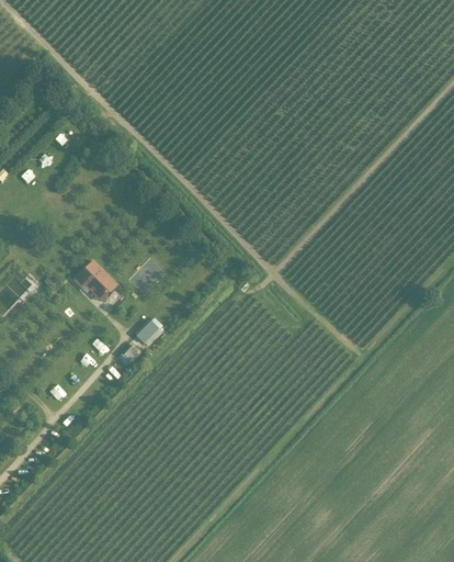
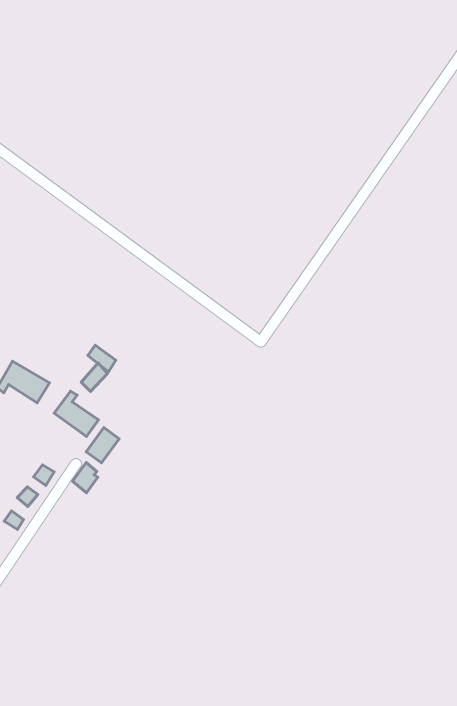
building: none -> [54,391,98,437]

